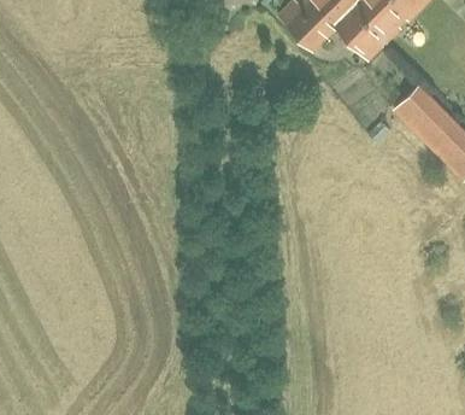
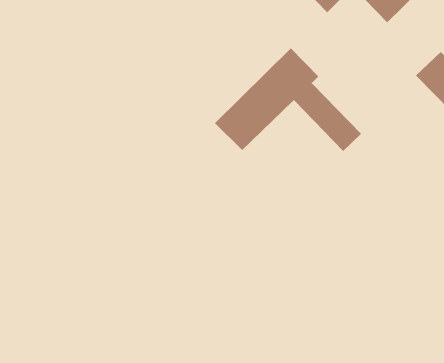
building: none -> [214,48,362,152]

